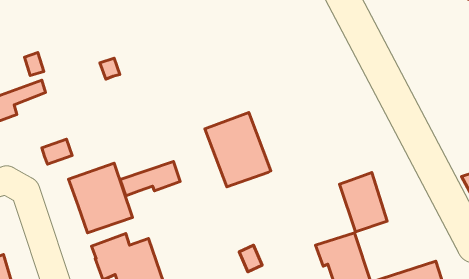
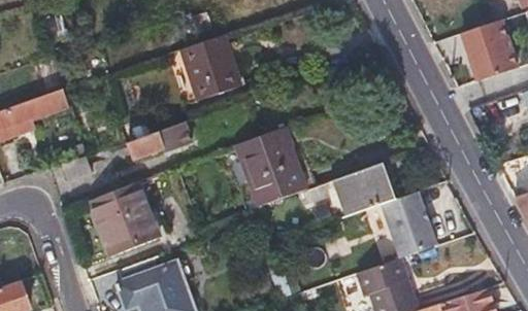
building: none -> [460,18,515,79]
building: none -> [185,35,244,101]
building: none -> [304,164,394,214]
building: [120,161,180,196] -> [128,122,193,159]

